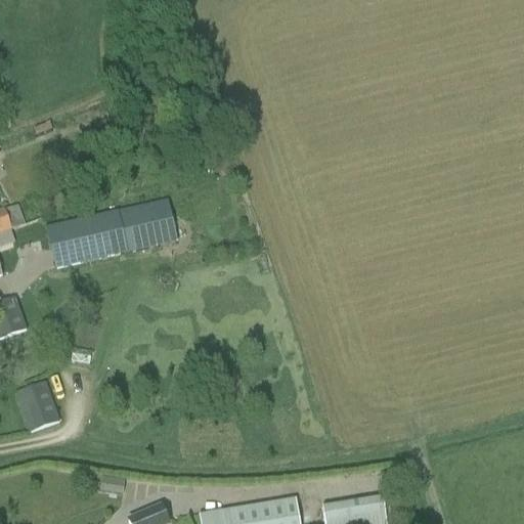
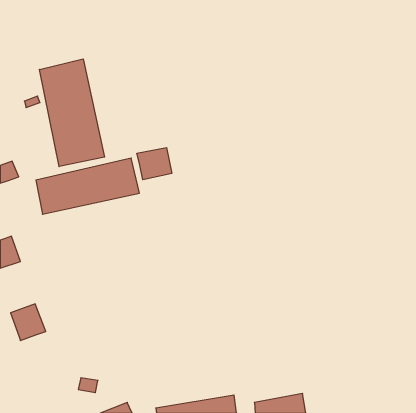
building: none -> [39,59,105,167]
building: none -> [137,148,172,180]

